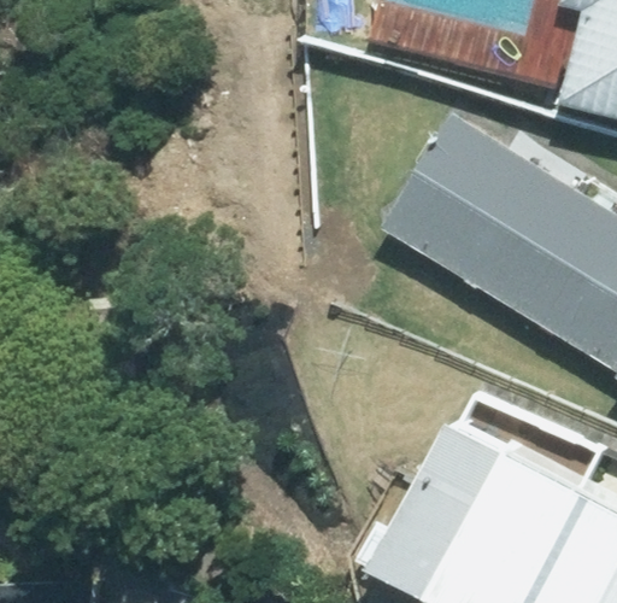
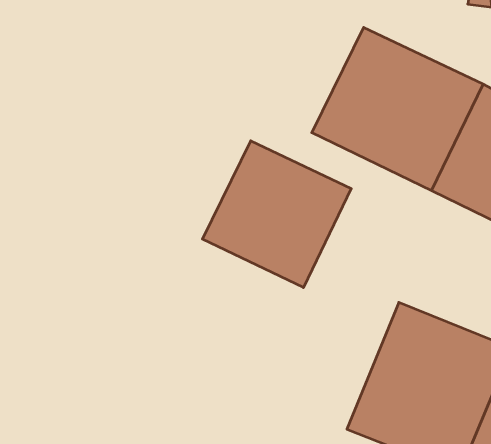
building: none -> [202,141,351,288]

